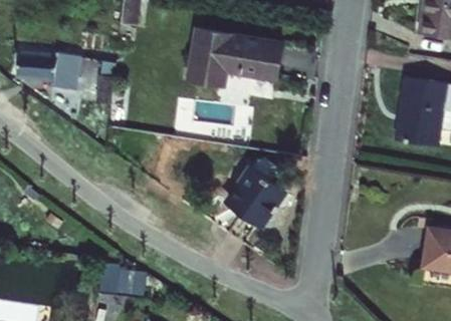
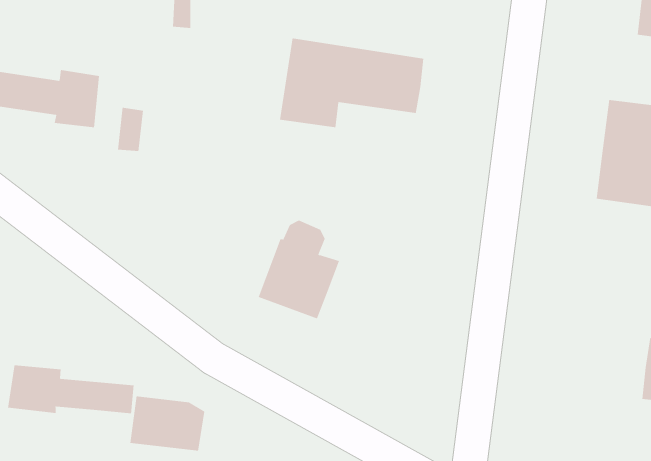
building: [228,153,280,217] -> [258,220,340,319]
building: none -> [7,365,134,414]

